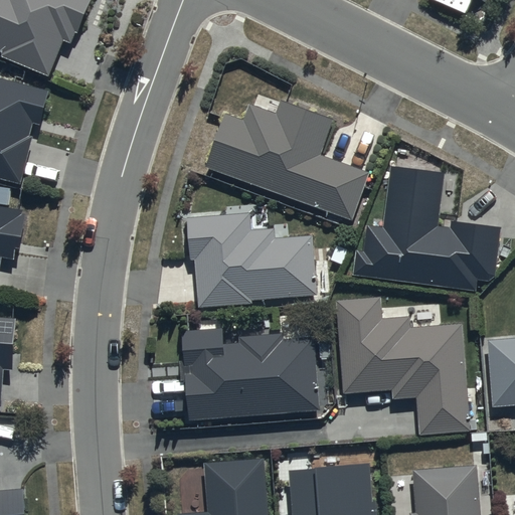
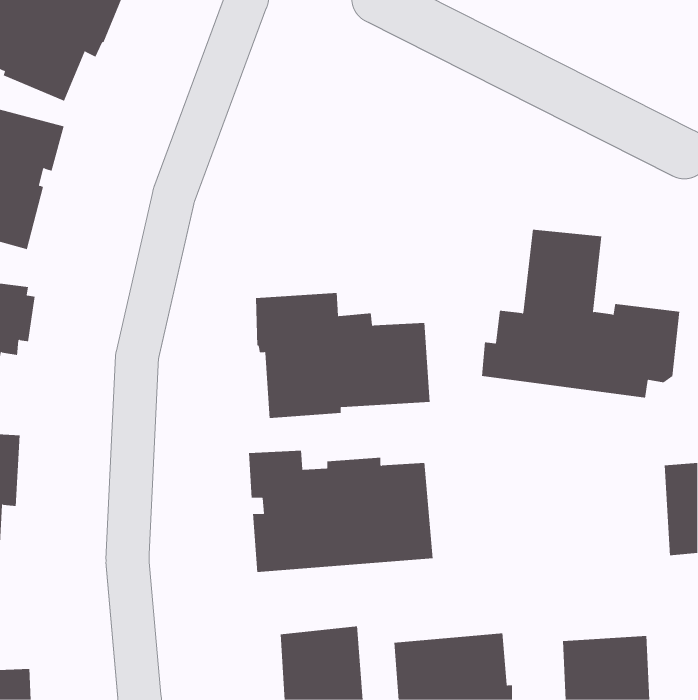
building: [206,101,366,220] -> none
building: [336,297,470,436] -> none

